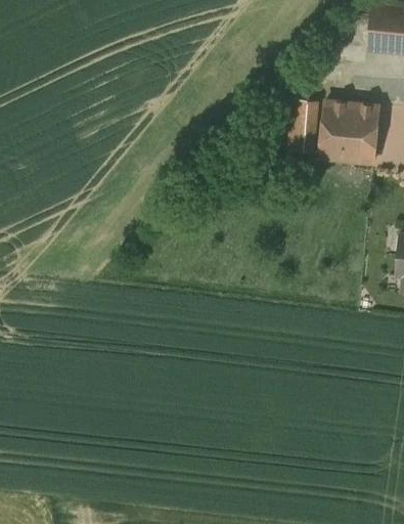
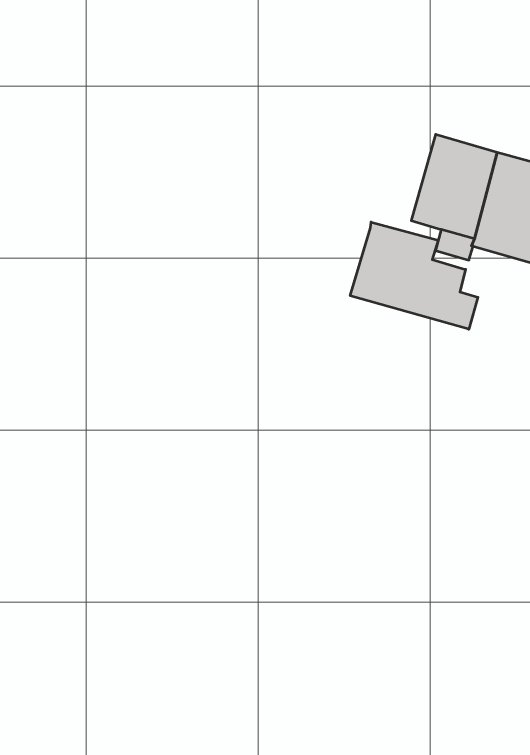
building: none -> [350,222,478,329]

